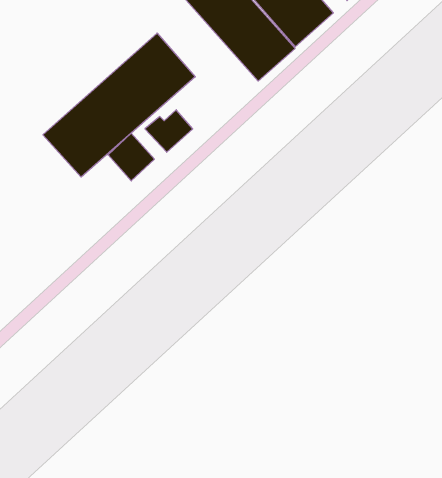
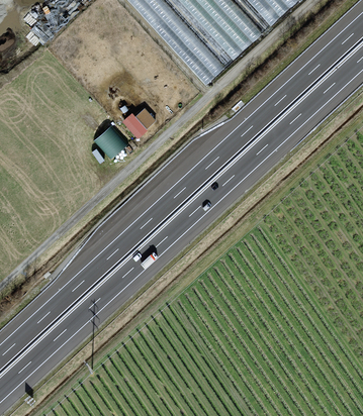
building: [43,33,195,177] -> none

